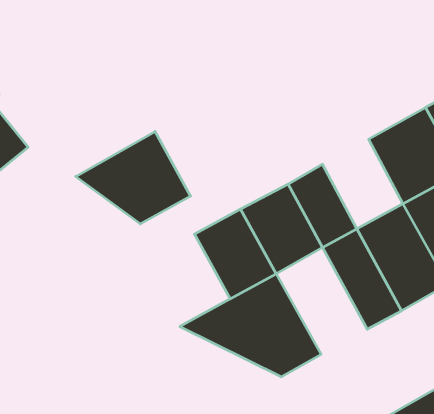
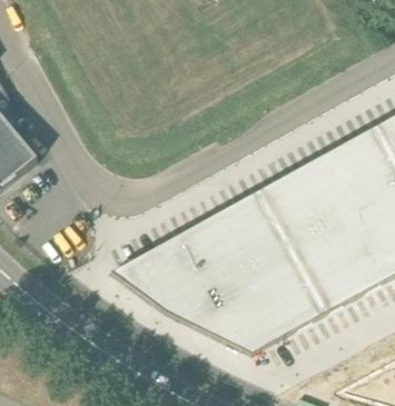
building: [76,131,191,224] -> [111,234,208,311]
building: none -> [286,154,354,229]
building: none -> [247,245,324,335]

